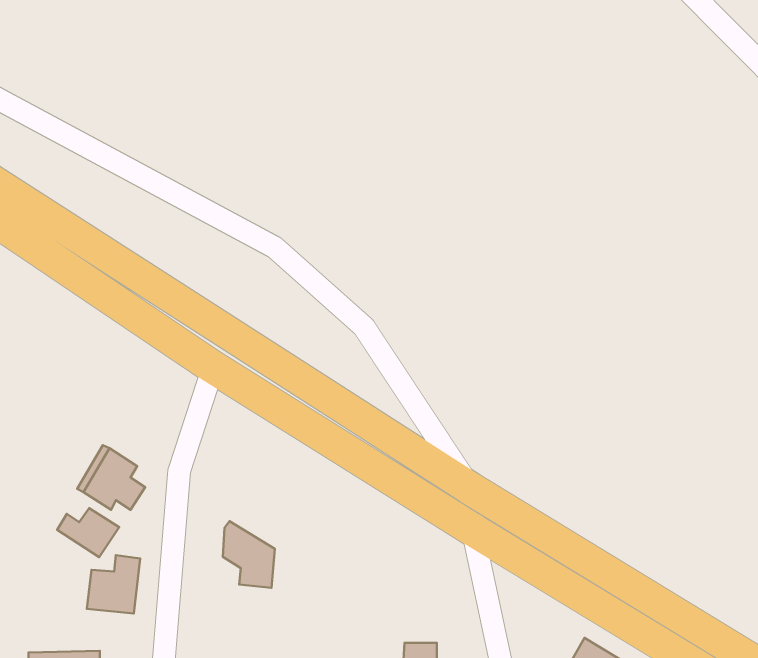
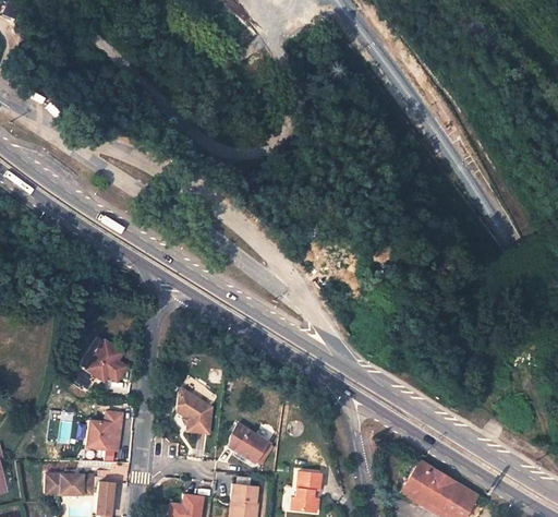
building: [57,508,119,557] -> none
building: none -> [229,420,266,456]

